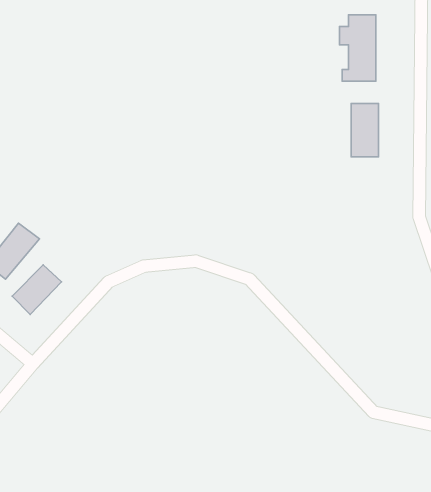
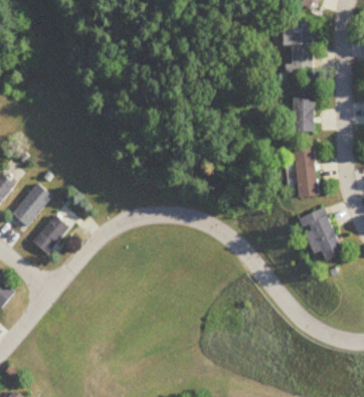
building: none -> [296,148,318,197]
building: none -> [300,208,343,260]

